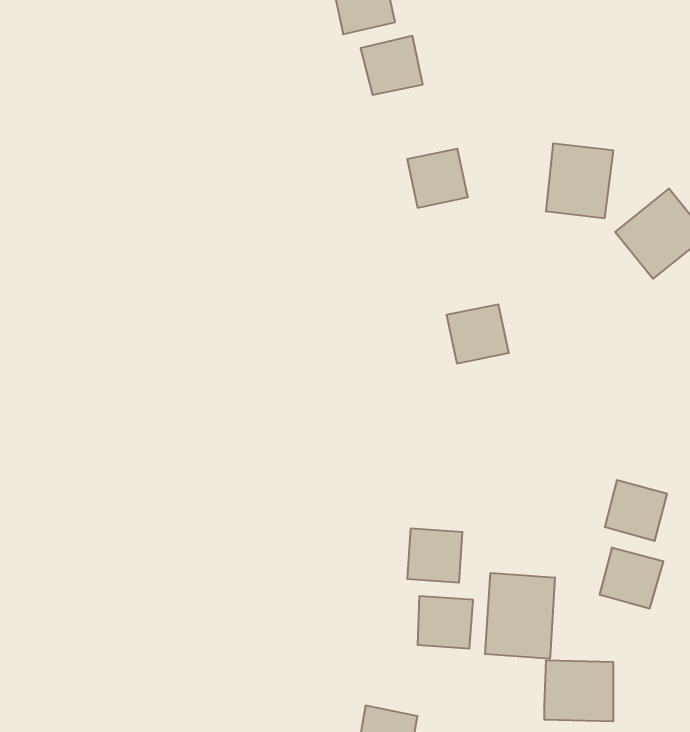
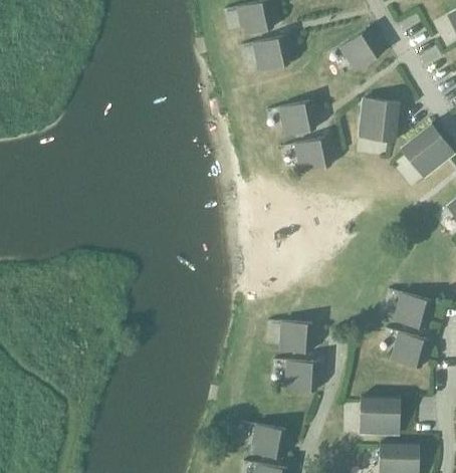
building: none -> [340,30,382,70]
building: [447,304,509,363] -> [295,138,331,172]
building: [485,573,555,659] -> none

